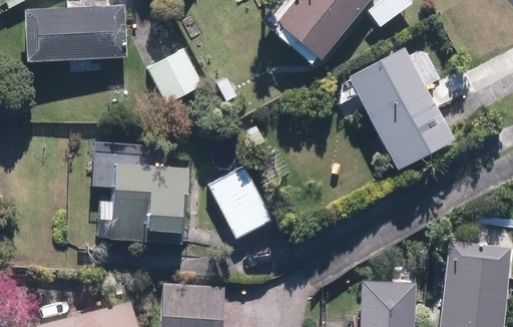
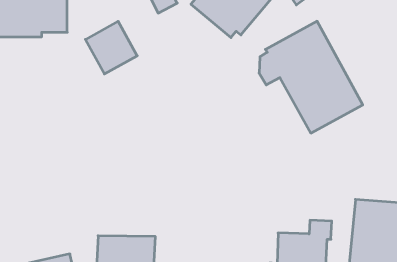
building: [91,140,188,255] -> none
building: [198,166,276,242] -> none

